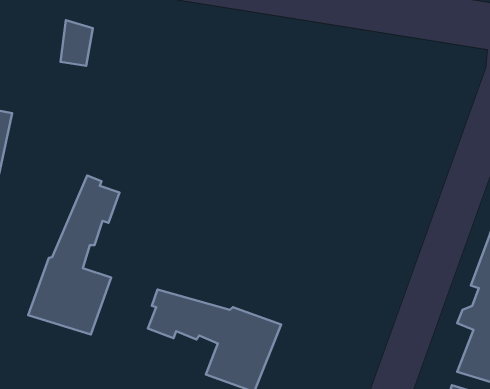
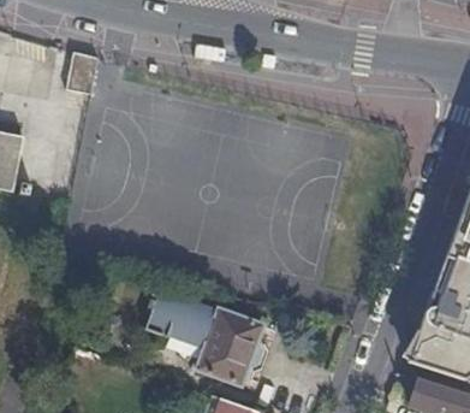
building: [28,175,119,335] -> none

